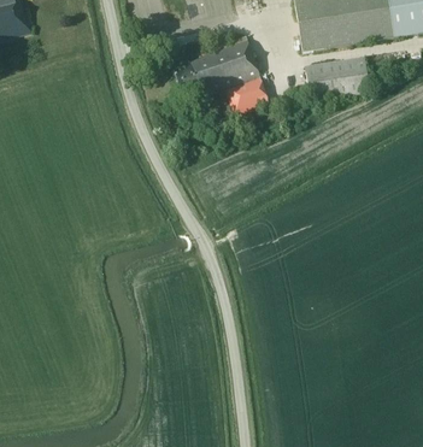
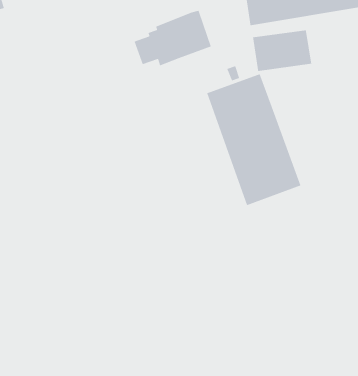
building: [224,73,270,114] -> none
building: none -> [206,73,301,206]

